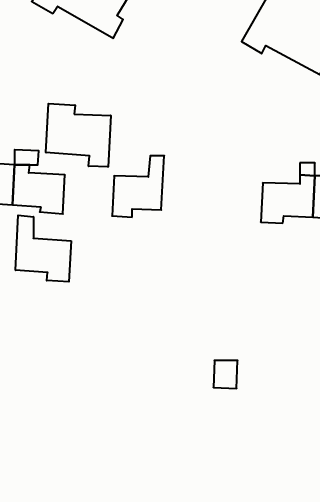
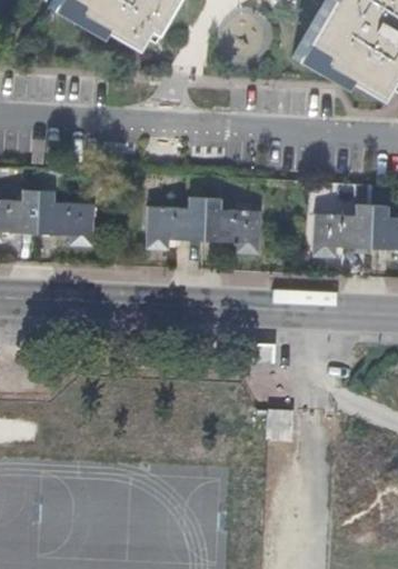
building: [46,104,111,167] -> none
building: none -> [202,181,260,253]
building: [16,215,71,282] -> none

